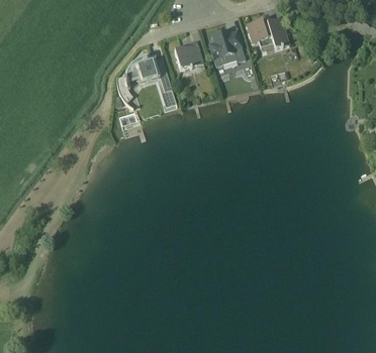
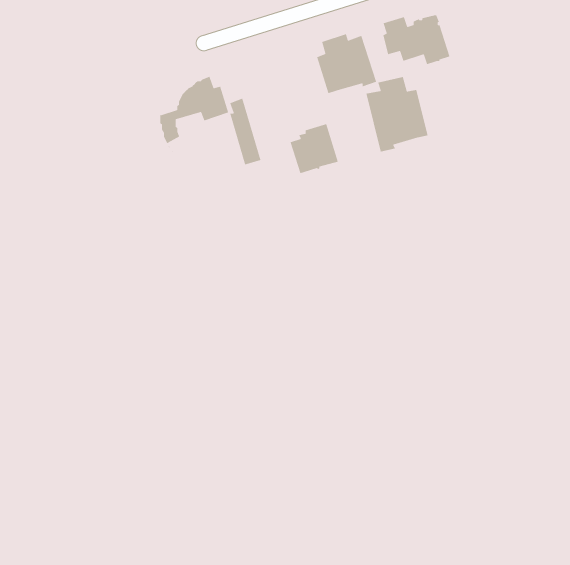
building: [174,40,203,71] -> [290,123,339,174]
building: none -> [365,76,428,152]

